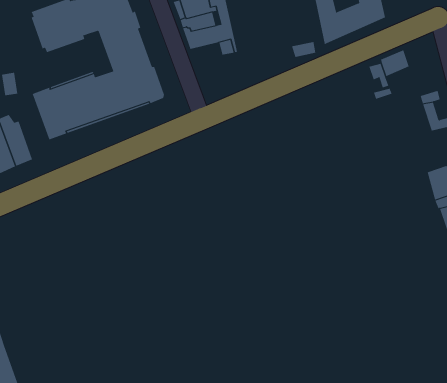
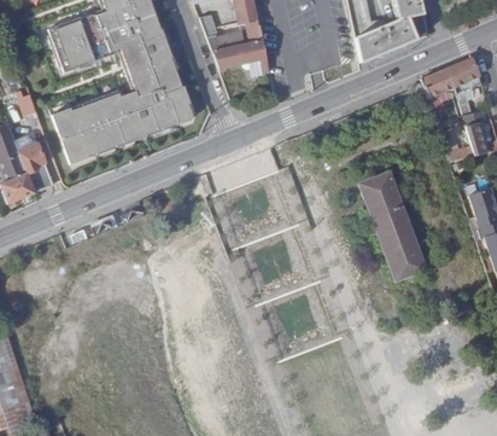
building: none -> [446,60,483,115]
building: none -> [357,170,425,280]

